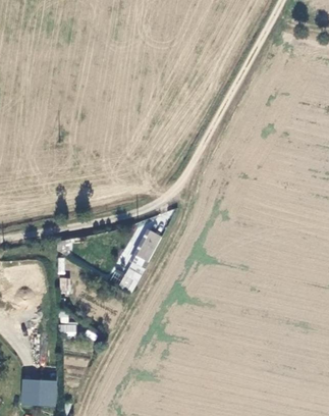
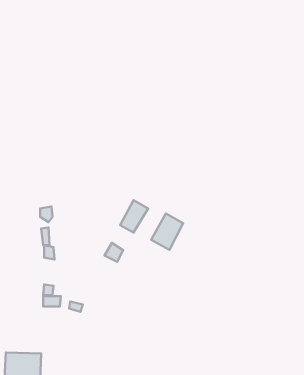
building: none -> [151,214,183,250]

